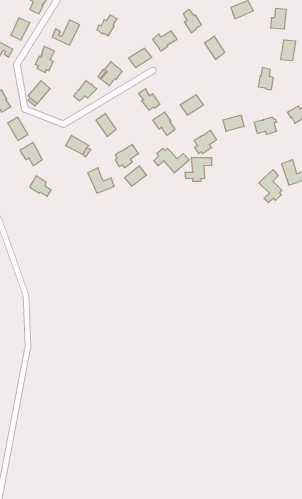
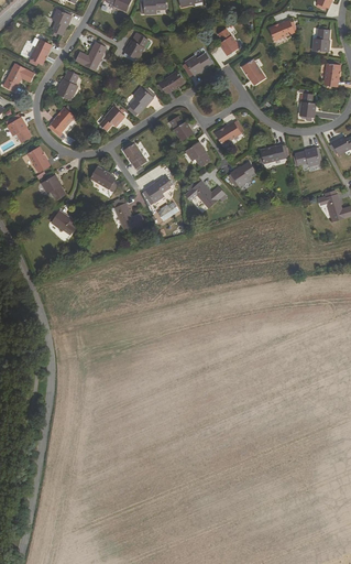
building: [185,157,212,182] -> none
building: [259,170,282,203] -> none

